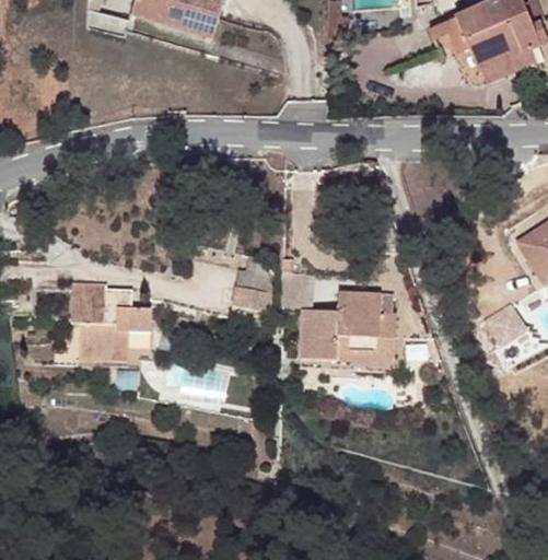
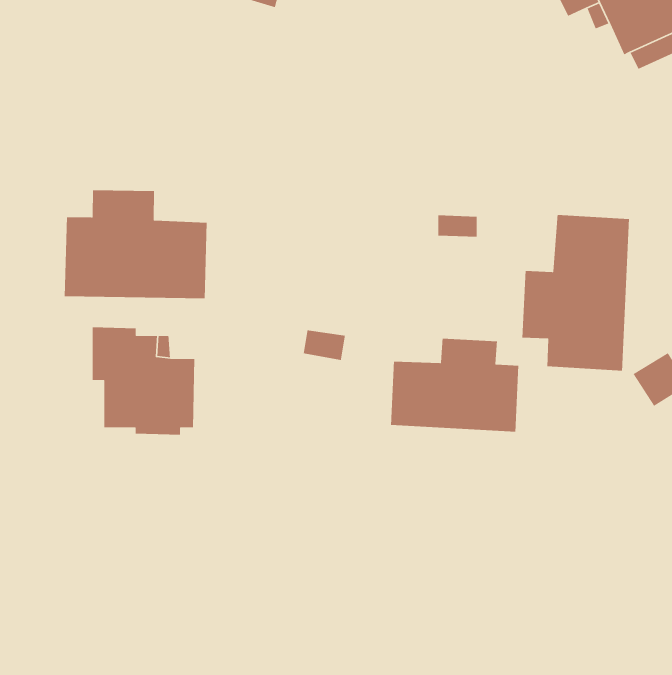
building: none -> [64,189,207,299]
building: none -> [521,214,630,372]

